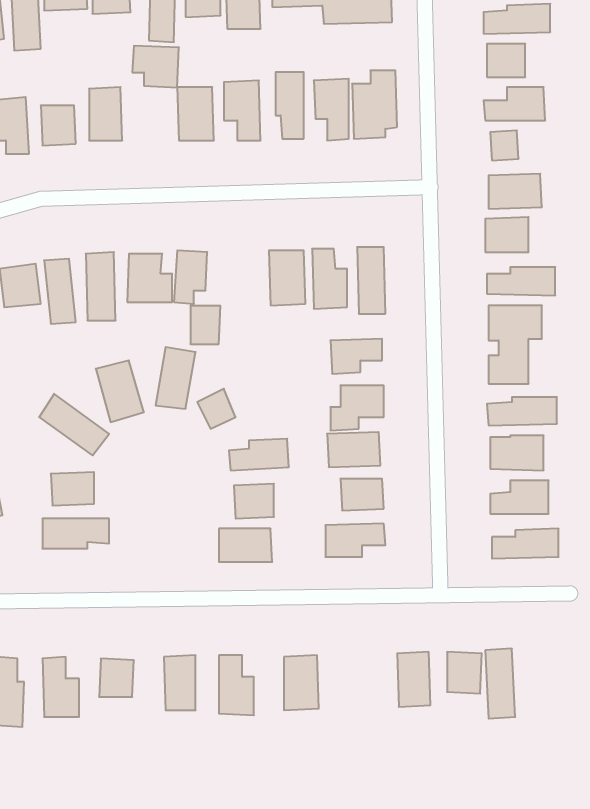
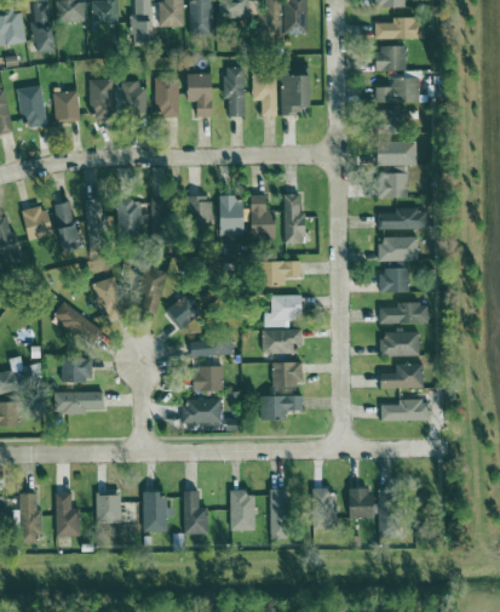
building: [132,46,179,87] -> [113,84,146,114]
building: [190,306,220,344] -> [190,195,212,223]
building: none -> [269,490,289,538]

